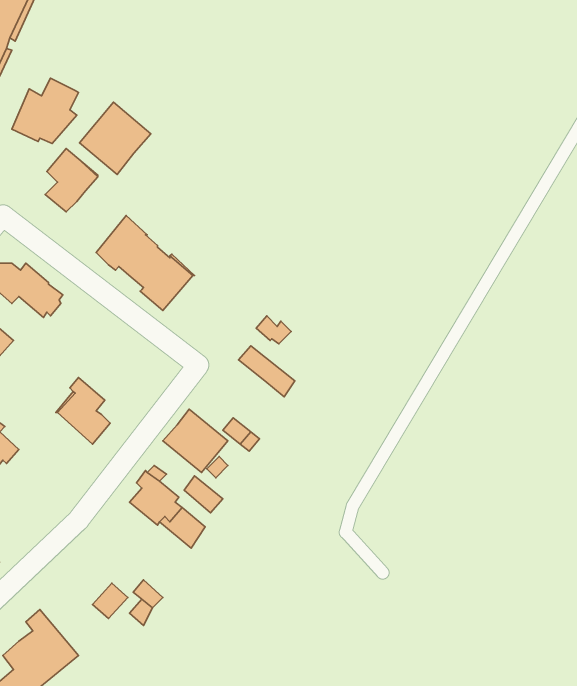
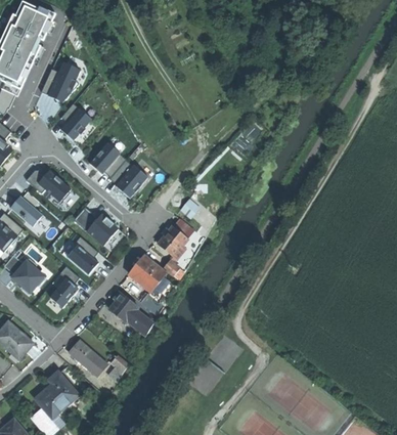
building: [80,102,151,174] -> none
building: none -> [73,207,118,246]
building: none -> [159,226,188,257]
building: none -> [49,266,79,308]
building: none -> [69,339,99,368]

